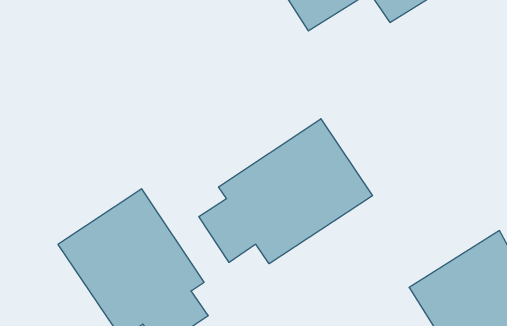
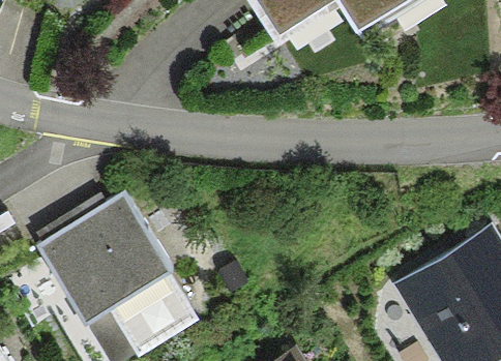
building: [199,119,372,264] -> none

